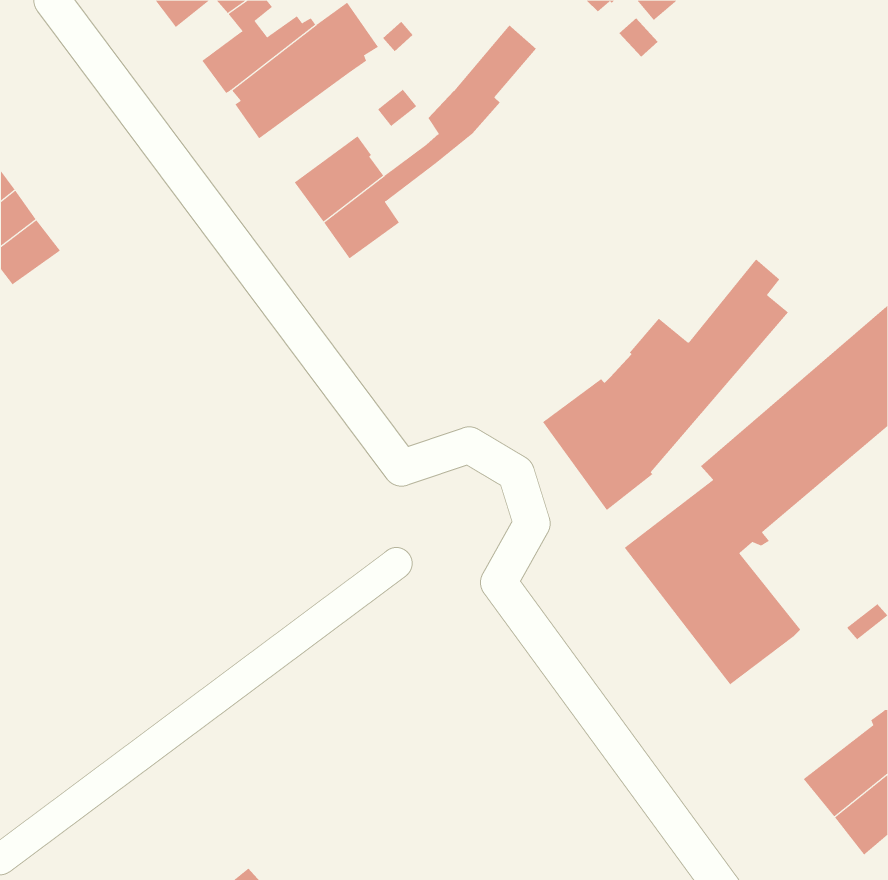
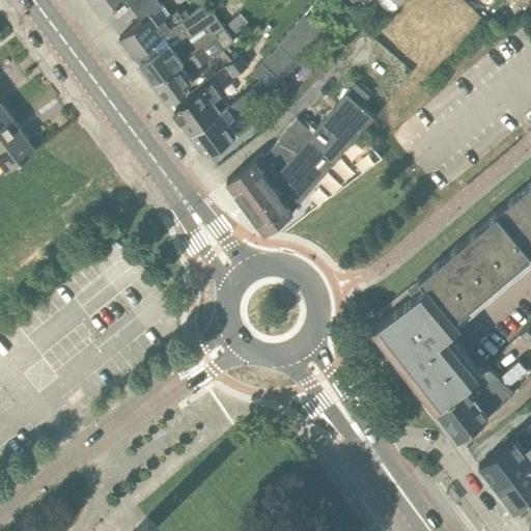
building: none -> [155,49,215,107]
building: [542,259,789,511] -> [227,87,374,237]
building: none -> [436,371,511,443]

